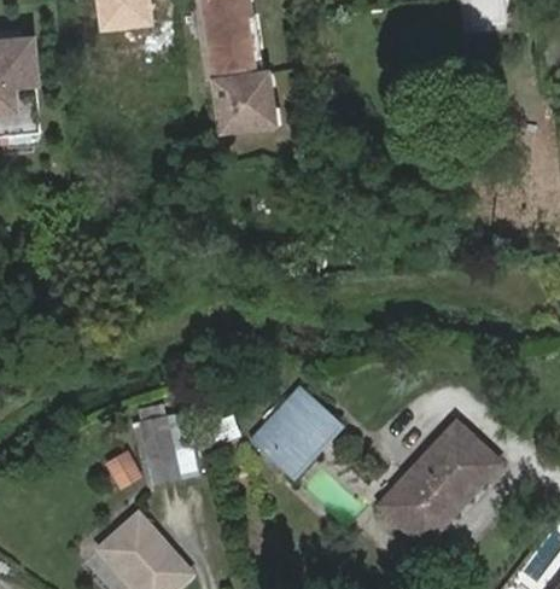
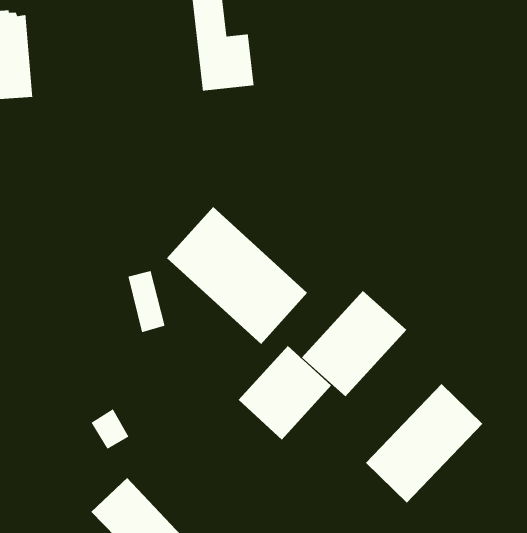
building: none -> [166,206,308,345]
building: none -> [301,290,407,397]
building: [139,421,177,485] -> [127,270,165,333]

